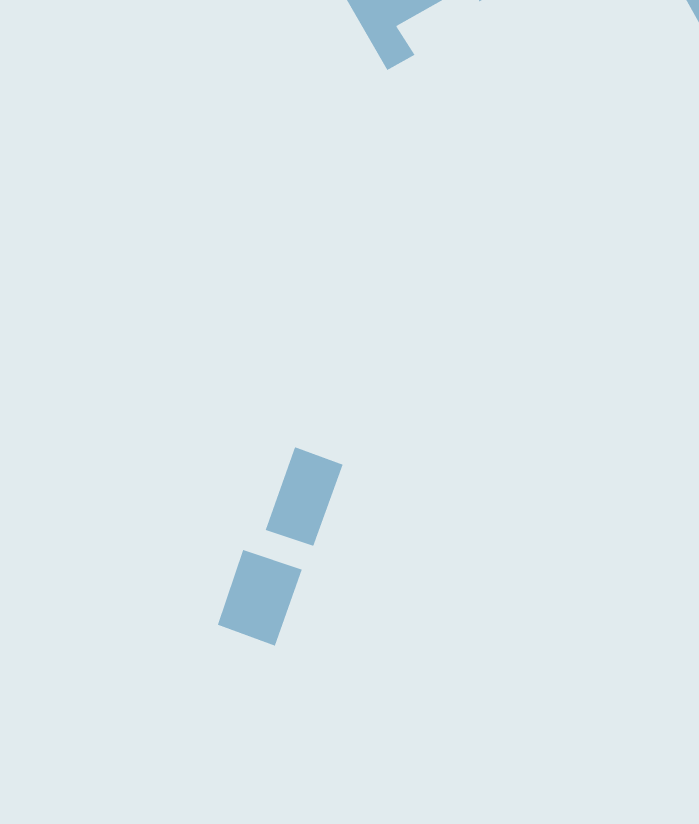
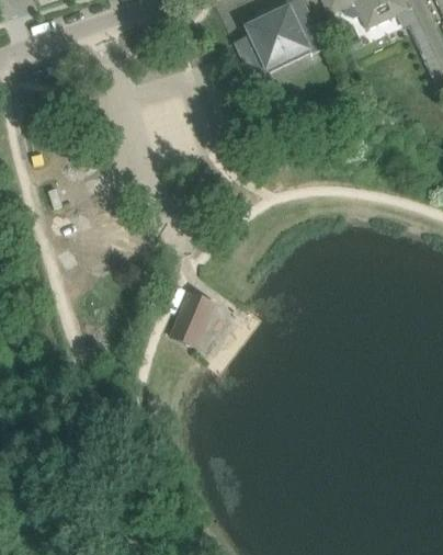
building: [217,549,302,646] -> none

